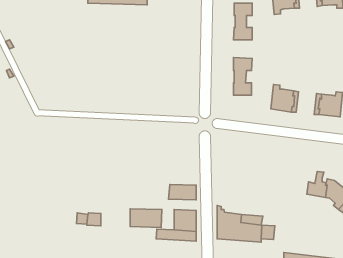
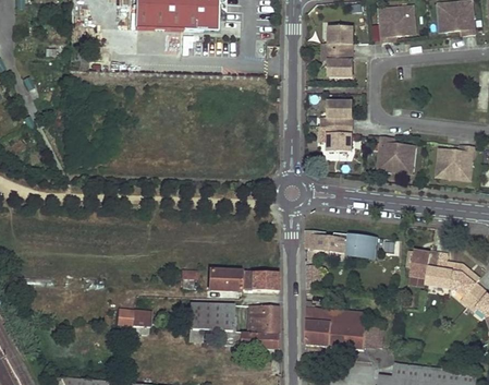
building: none -> [305,230,376,254]
building: none -> [411,251,440,277]
building: none -> [209,270,243,290]

